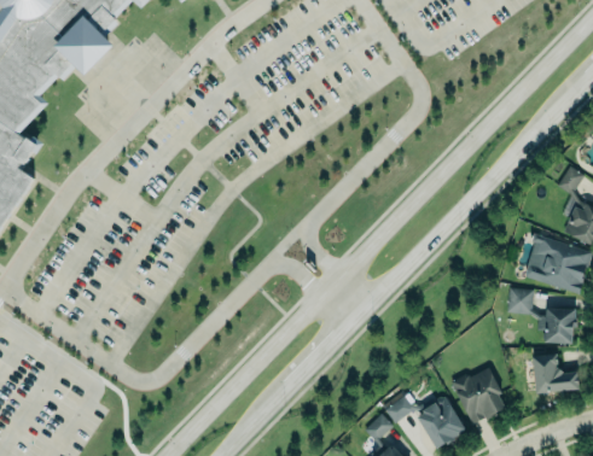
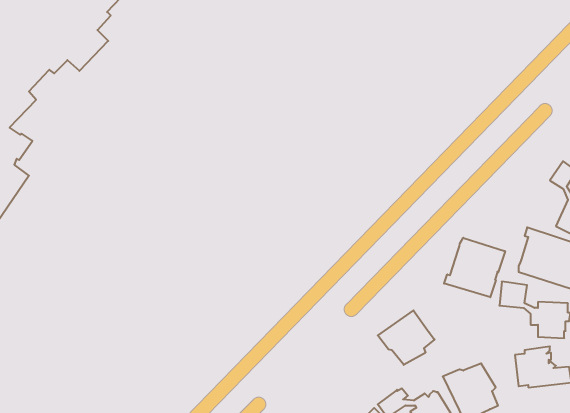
building: none -> [444,238,505,297]
building: none -> [378,310,435,365]

